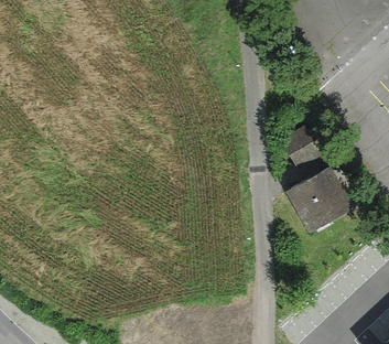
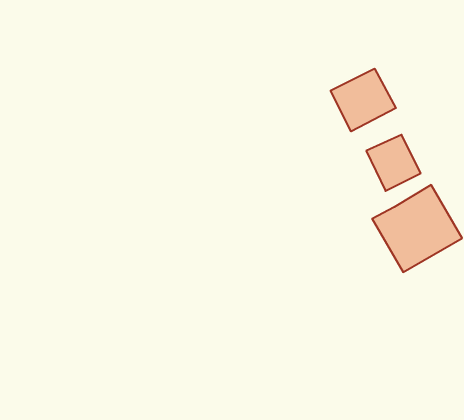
building: none -> [331,69,396,131]

